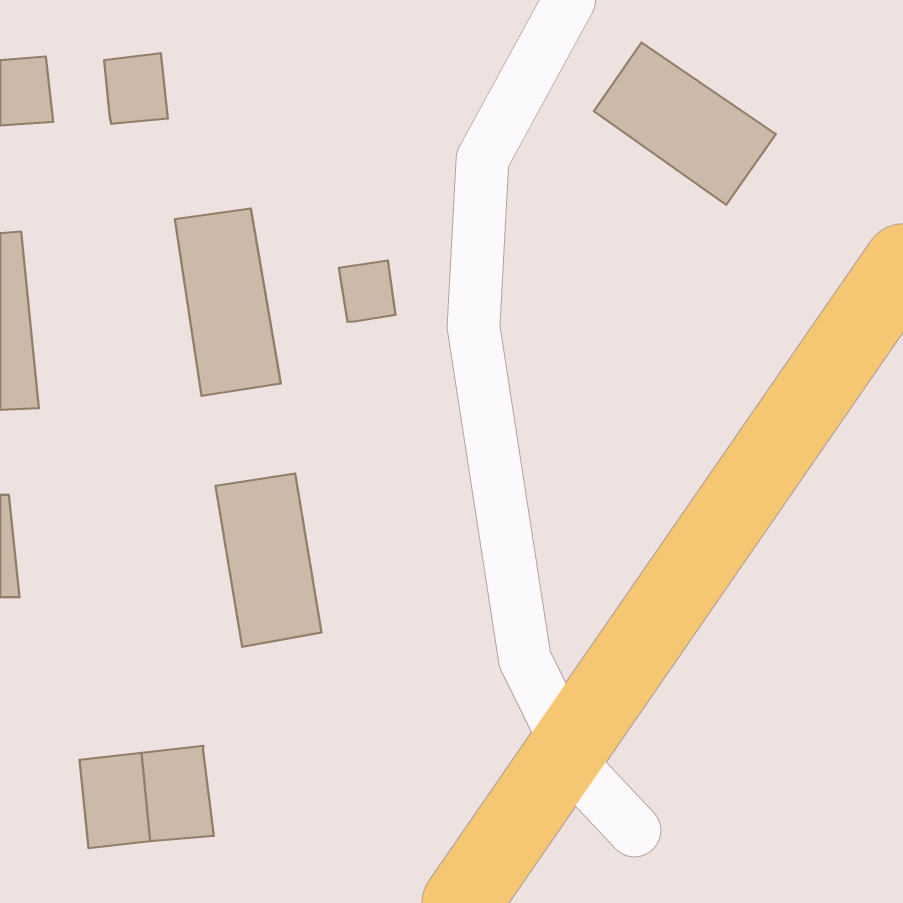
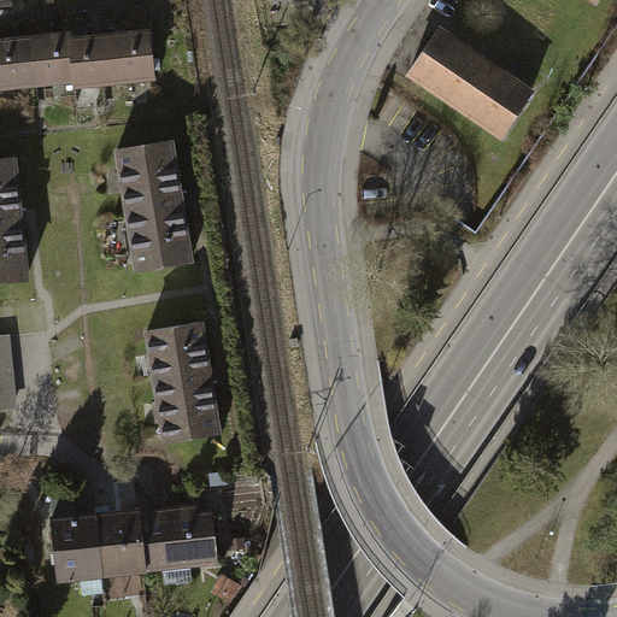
building: none -> [110,33,153,81]
building: none -> [31,35,75,83]
building: [339,261,395,322] -> none
building: none -> [139,507,217,570]

